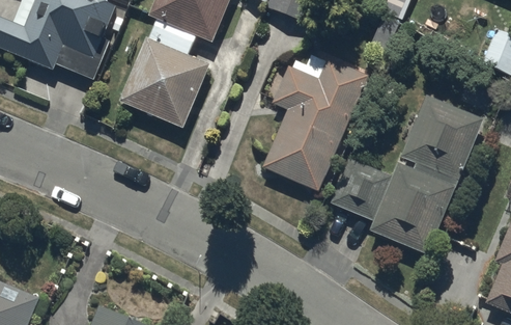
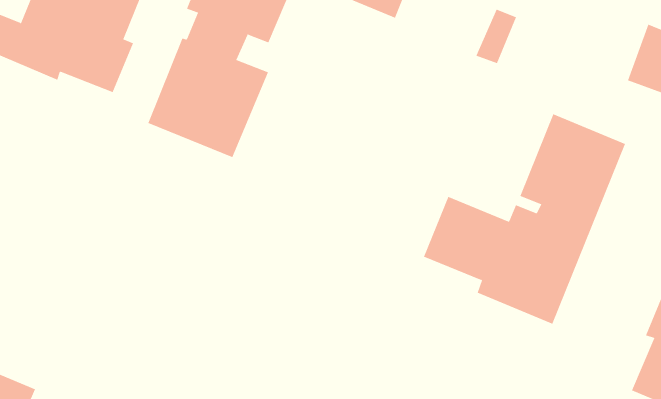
building: [262,59,369,192] -> none

